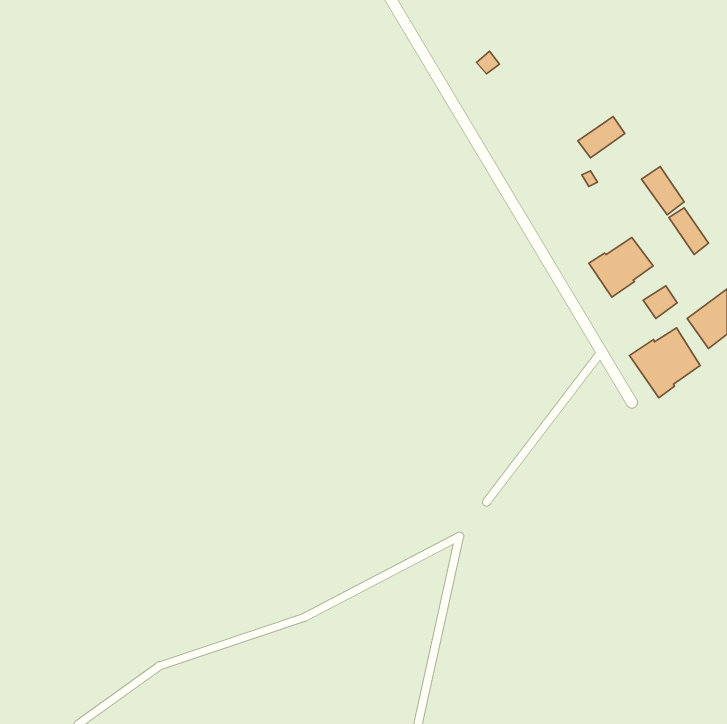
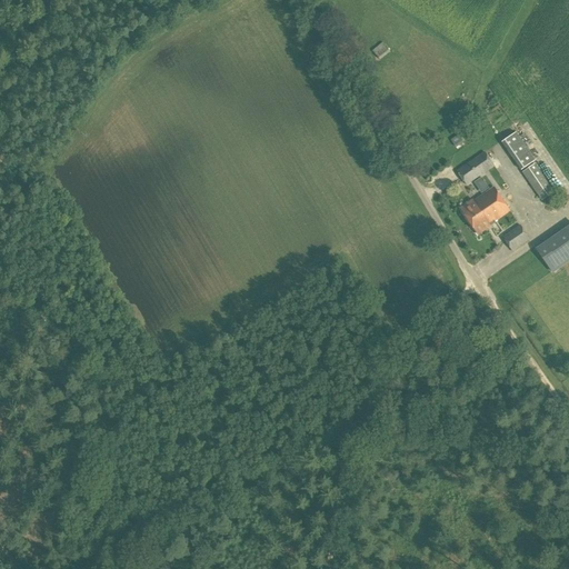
building: [578,117,625,158] -> [457,150,493,182]
building: [629,328,700,398] -> none

